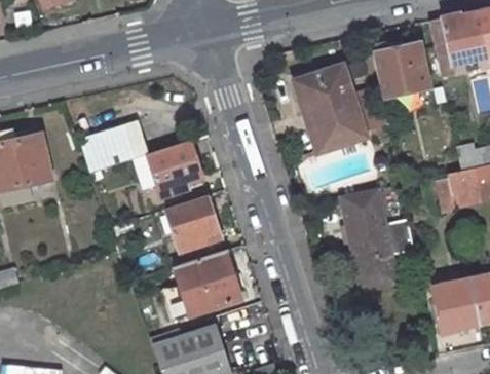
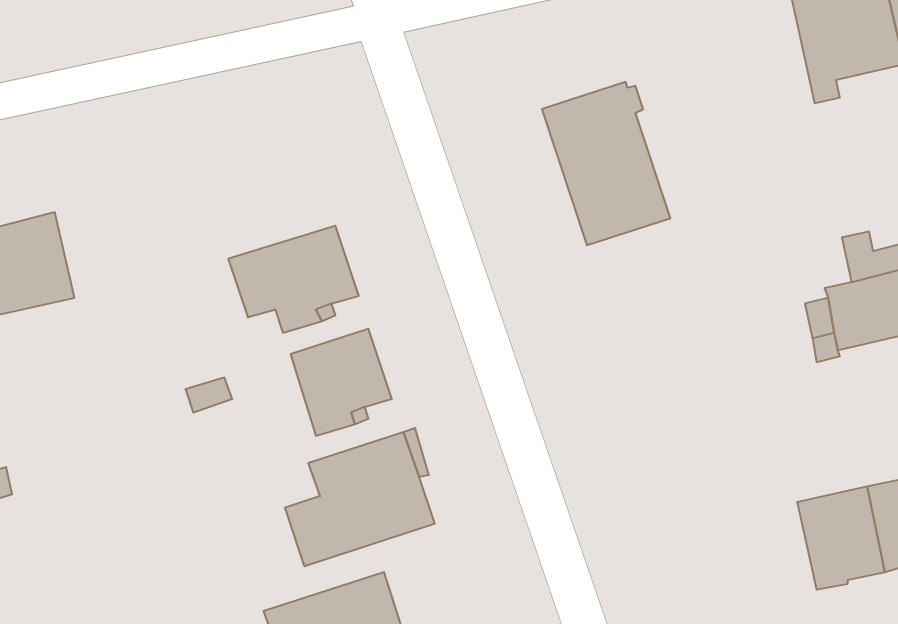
building: [373,41,430,98] -> none
building: [80,121,149,173] -> none
building: [341,188,414,291] -> none

